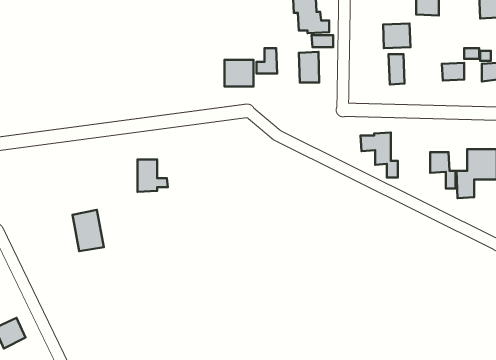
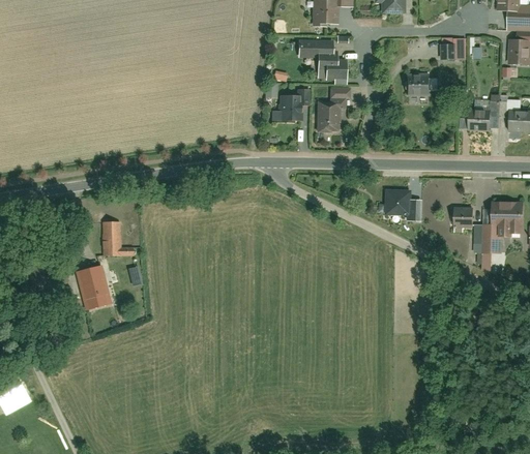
building: [389,54,404,85] -> none
building: [225,60,254,86] -> none
building: [137,160,168,192] -> [101,223,134,258]

